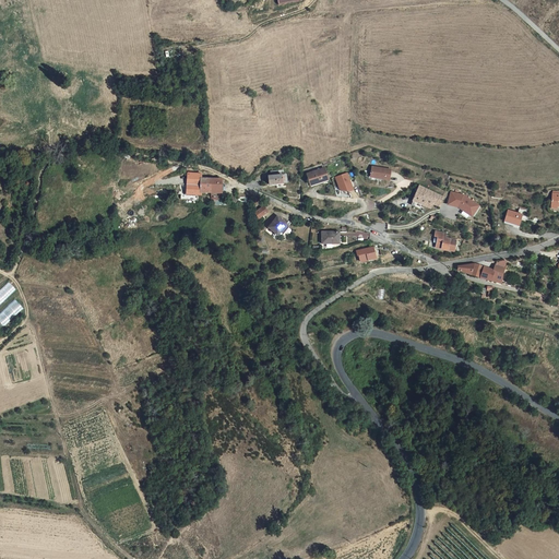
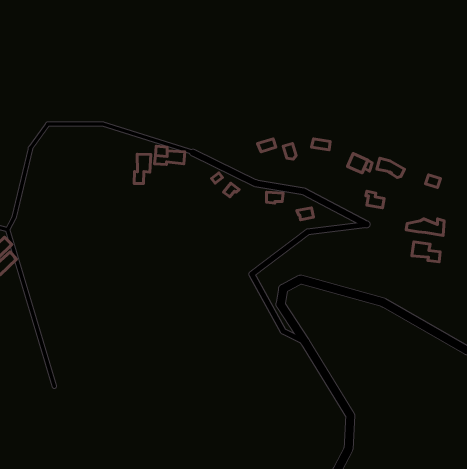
building: none -> [134,154,151,183]
building: none -> [412,242,440,262]

